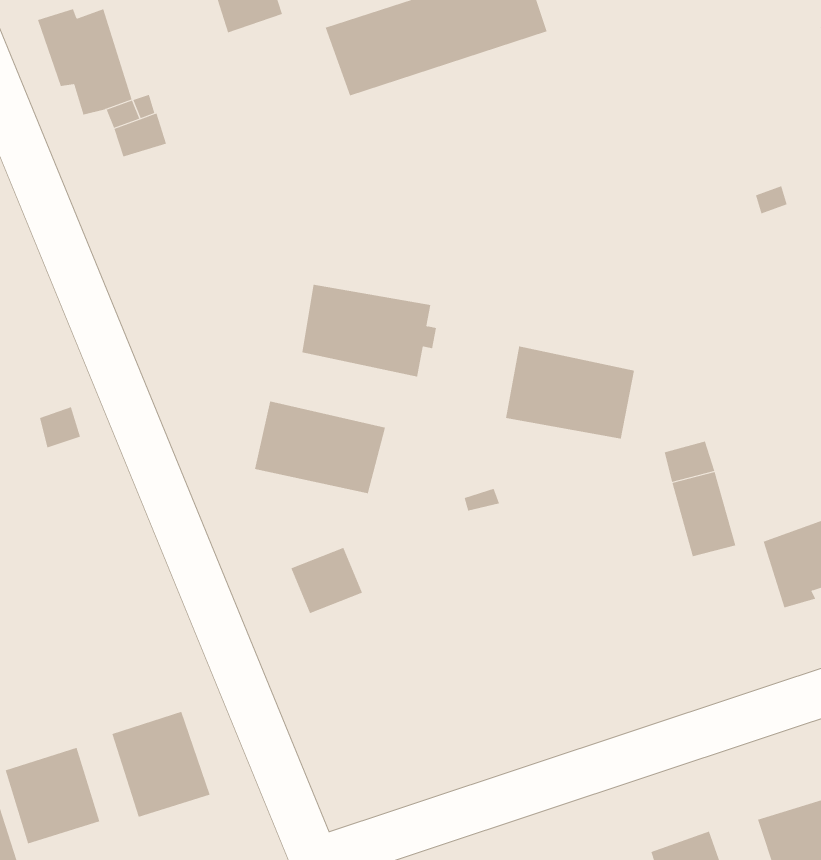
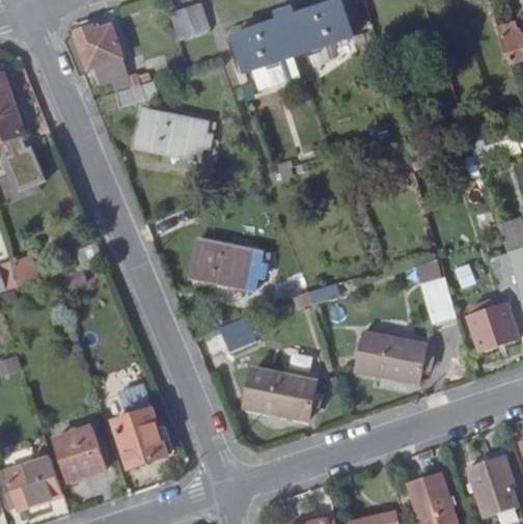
building: [302,284,437,377] -> [136,109,210,160]
building: [505,346,635,439] -> [357,329,428,380]
building: none -> [245,366,315,417]

